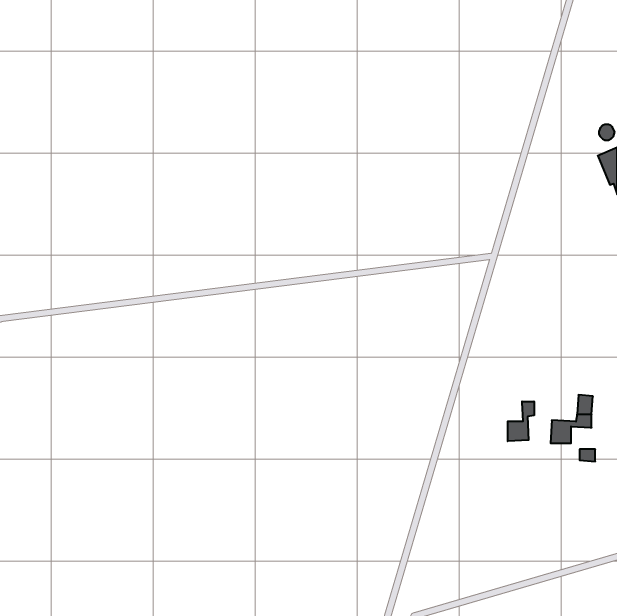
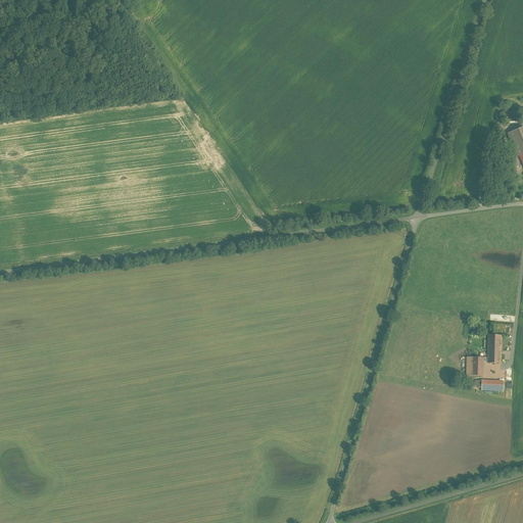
building: [508,401,534,441] -> none

